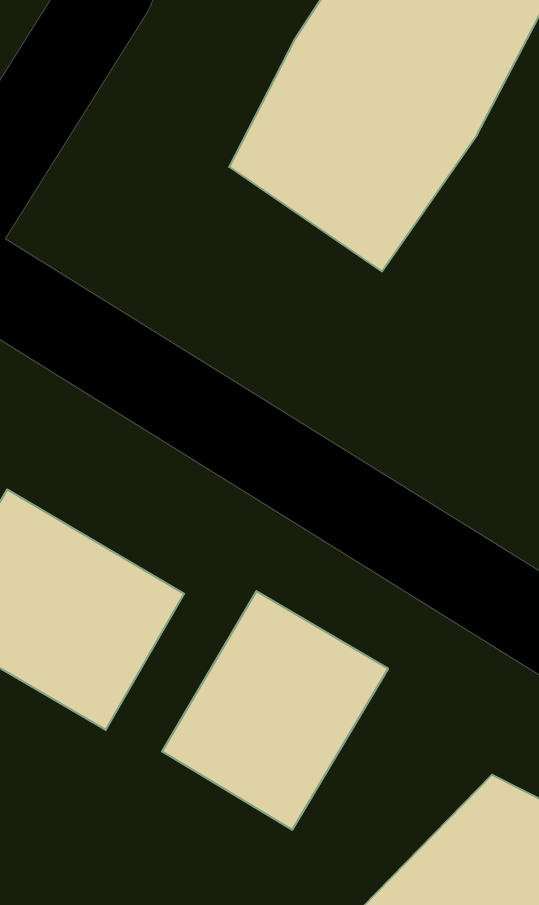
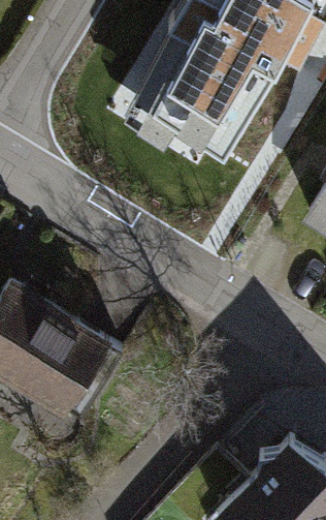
building: [162,591,388,830] -> none

